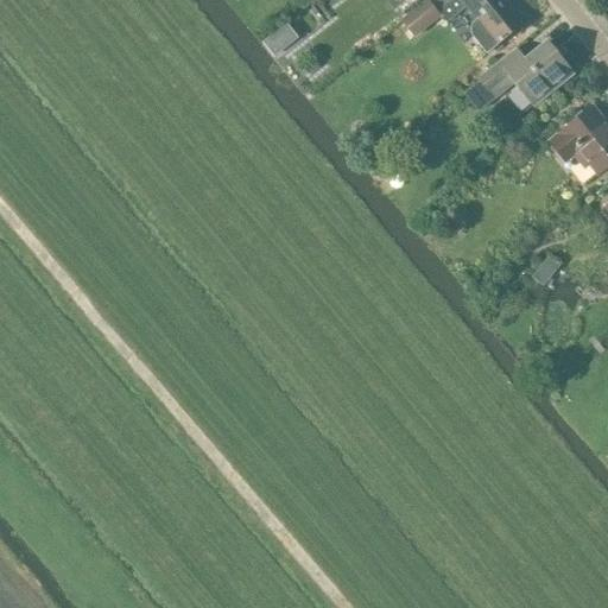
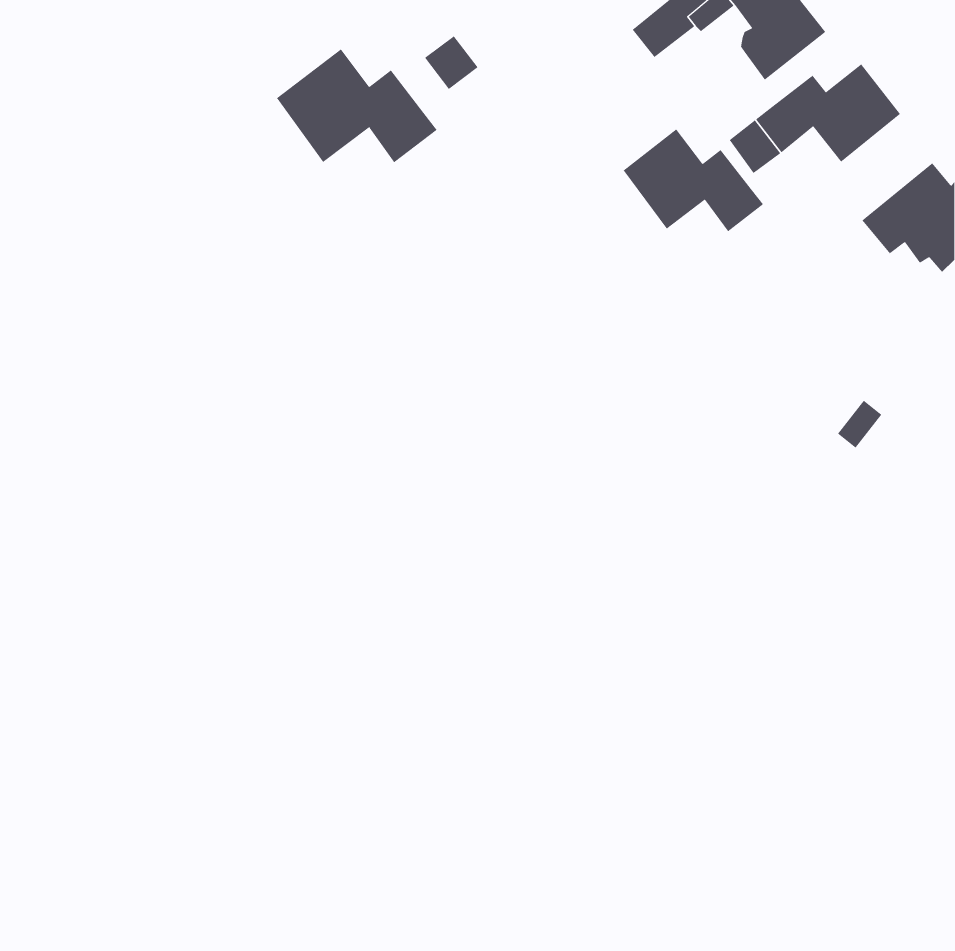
building: none -> [276,48,437,163]
building: none -> [623,129,764,232]

